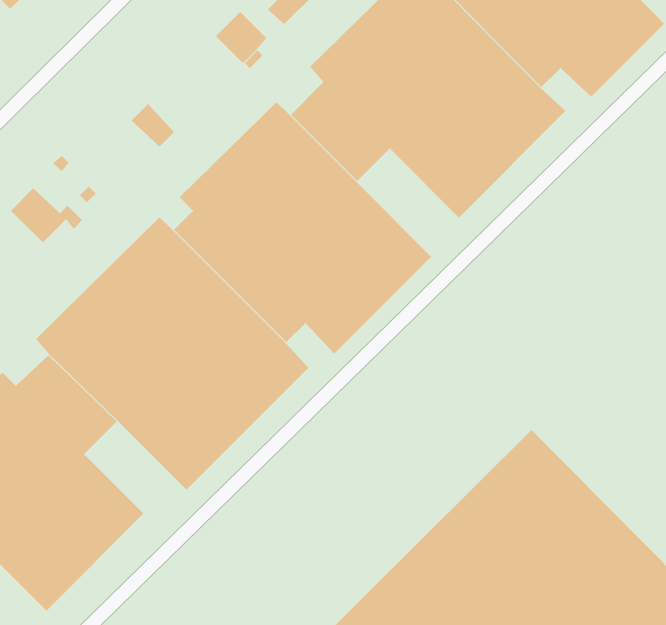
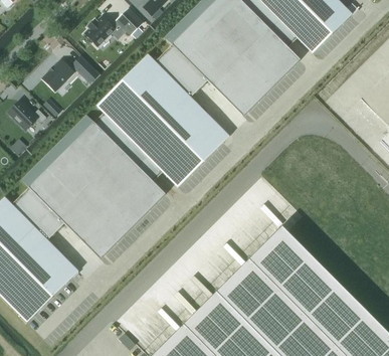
building: none -> [84,15,115,45]
building: none -> [42,58,73,91]

